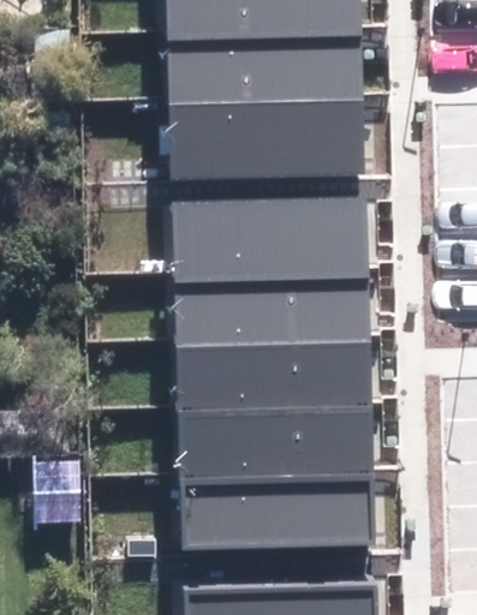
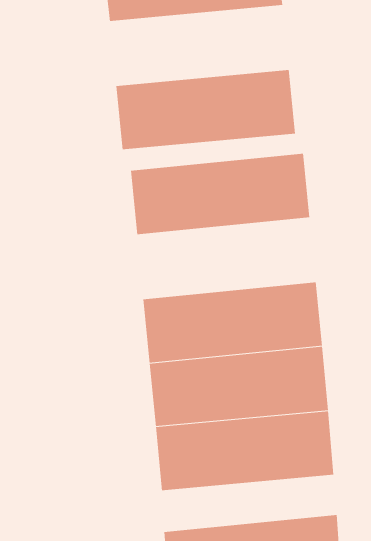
building: [167,30,357,102] -> none
building: [178,261,368,334] -> none

